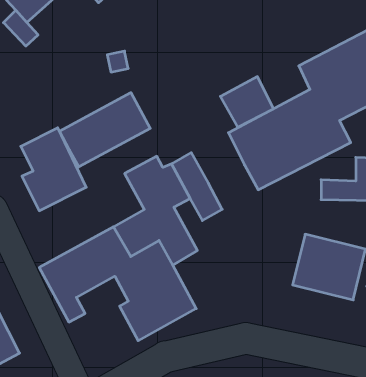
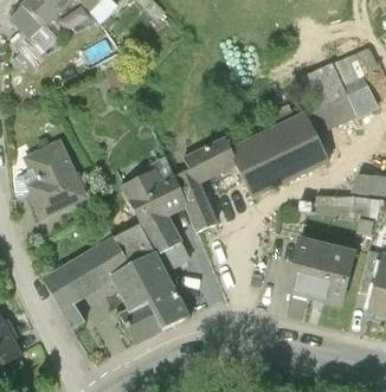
building: [220,77,274,127] -> [187,143,238,192]
building: [59,93,150,167] -> none

